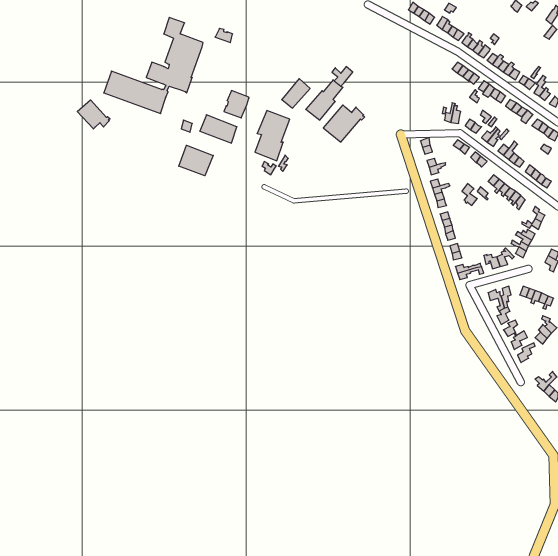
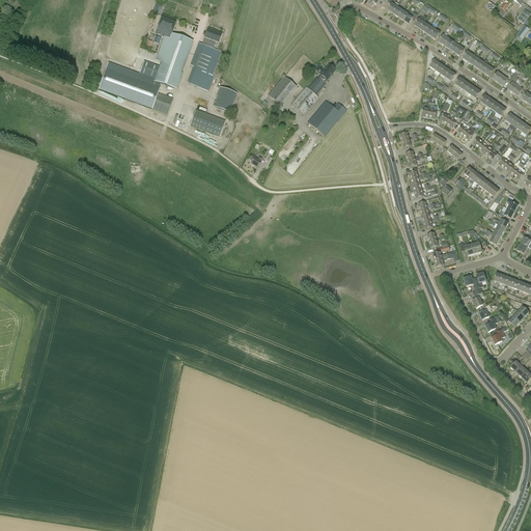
building: [77,100,110,129] -> none
building: [255,111,290,161] -> [188,43,221,90]
building: [179,145,213,176] -> none

